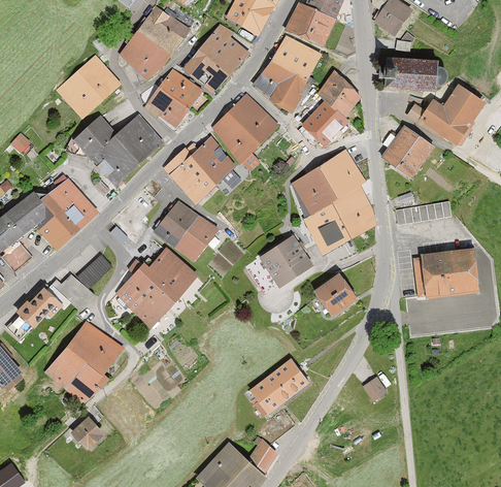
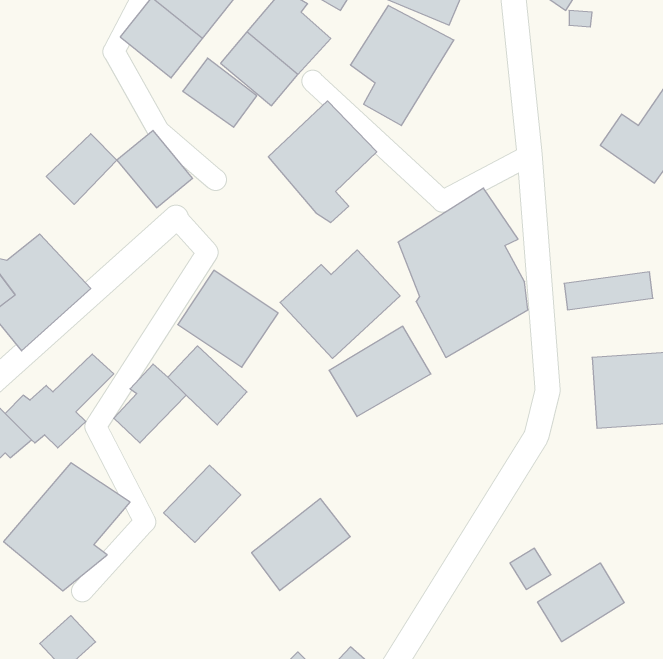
building: [58,56,121,117] -> none
building: [378,60,447,95] -> none
building: [302,70,362,149] -> none
building: [142,88,189,130] -> none
building: [382,126,434,180] -> none
building: [89,131,140,187] -> none
building: [162,135,237,203] -> [280,250,400,358]
building: [310,272,356,317] -> none
building: [130,279,178,327] -> [164,465,241,542]
building: [247,357,309,415] -> [252,499,350,591]
building: none -> [538,563,624,642]

